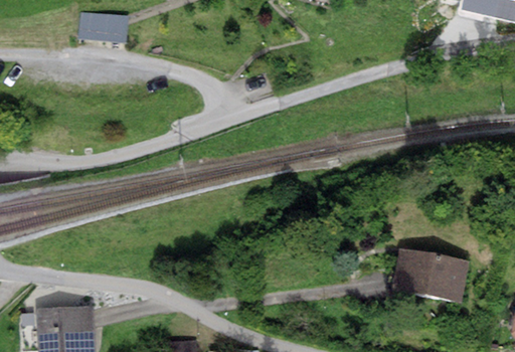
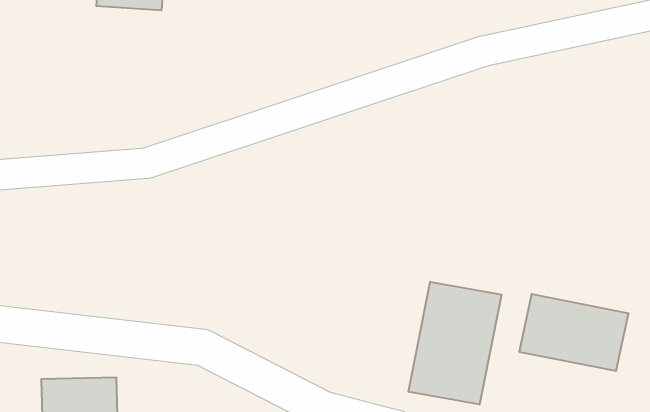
building: none -> [409,282,501,405]

